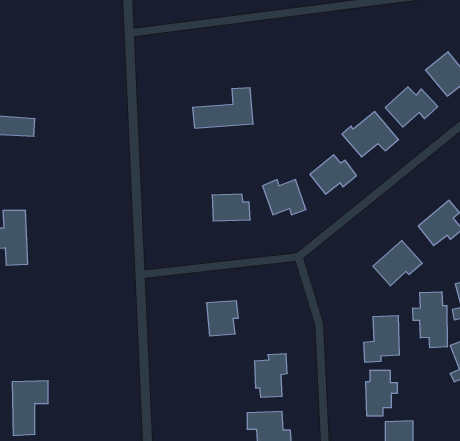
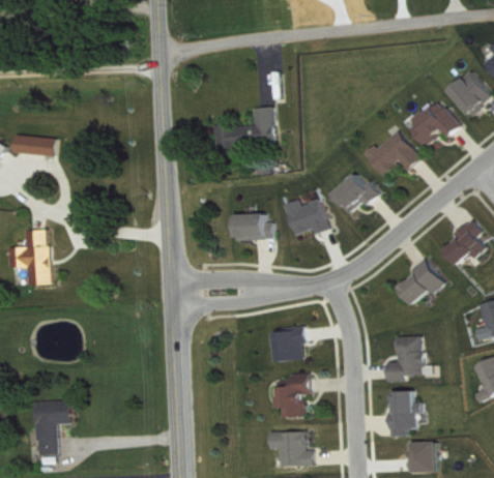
building: [413,292,447,348] -> none
building: [206,301,238,336] -> [273,326,306,361]

